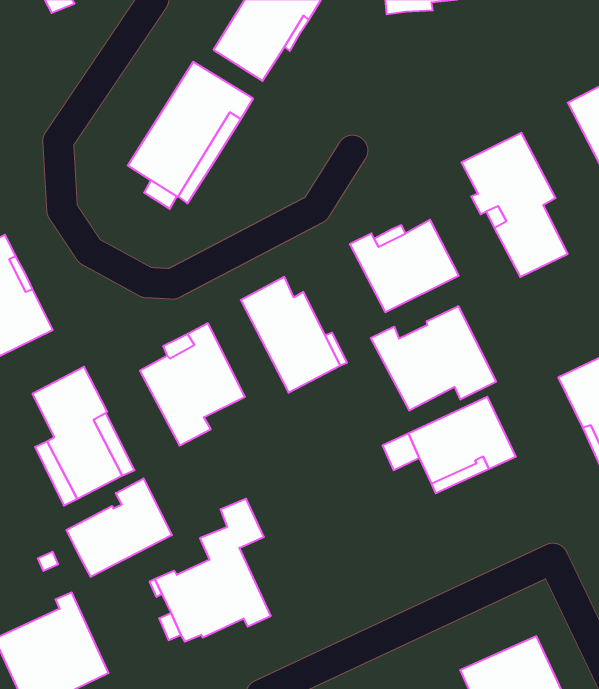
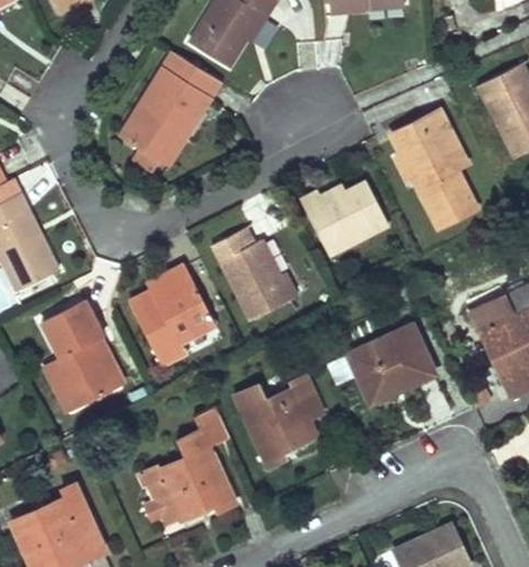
building: [371,306,496,411] -> none
building: none -> [235,375,323,466]
building: [66,478,172,577] -> none

